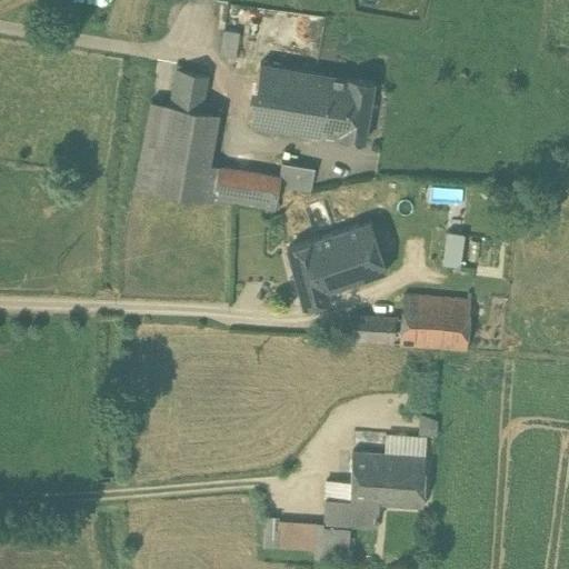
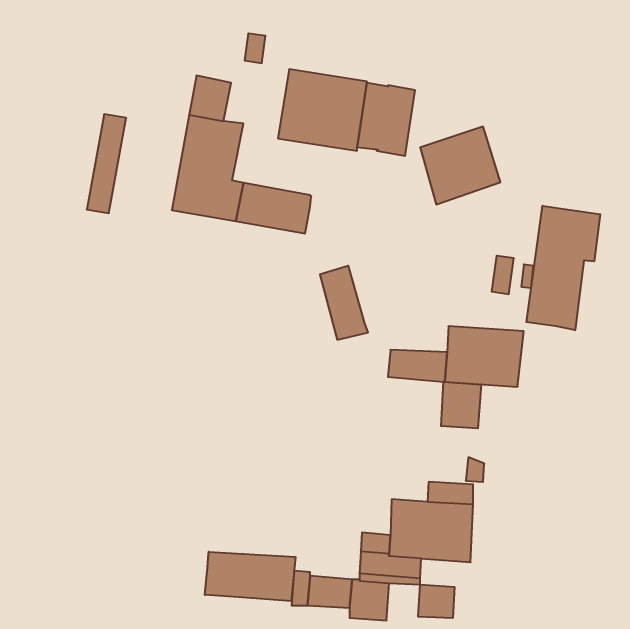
building: [136,102,171,191] -> [87,114,126,213]
building: [280,163,316,192] -> none
building: none -> [526,206,600,330]
building: [315,222,387,292] -> [420,127,500,204]
building: none -> [441,382,481,428]
building: none -> [205,552,295,601]
building: none -> [418,585,454,618]

